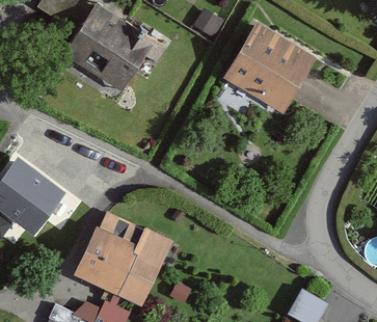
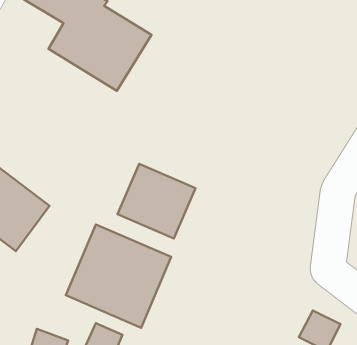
building: [226,29,315,115] -> none
building: none -> [117,164,196,239]

